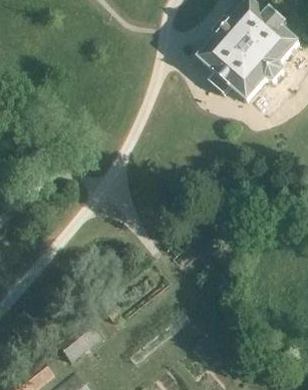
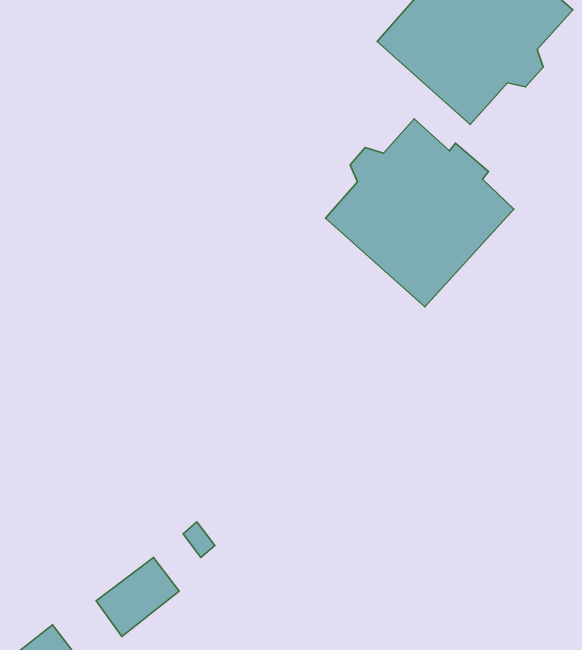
building: none -> [326,119,514,307]

